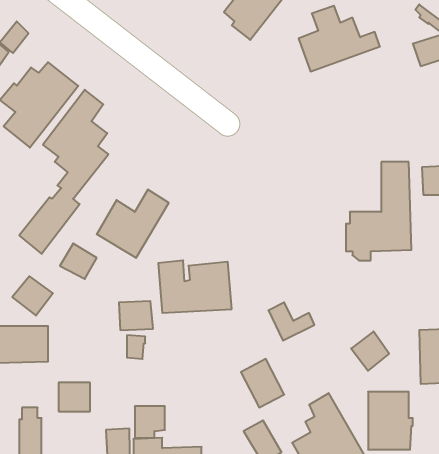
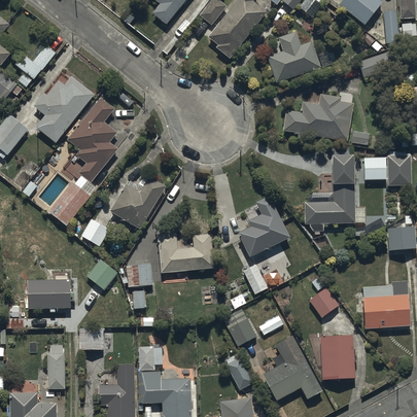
building: none -> [282,95,370,145]
building: none -> [239,196,290,256]
building: [12,276,53,316] -> [86,259,118,290]

